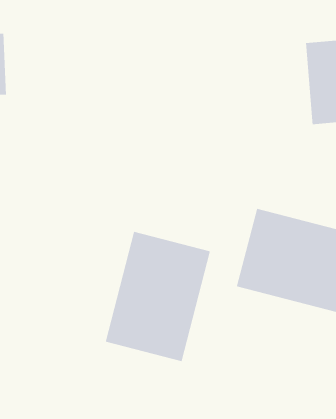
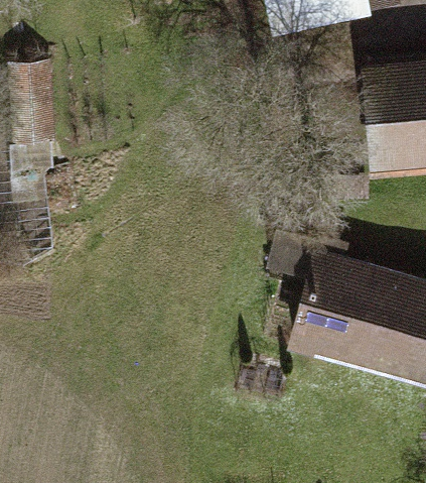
building: [105,231,211,362] -> none

